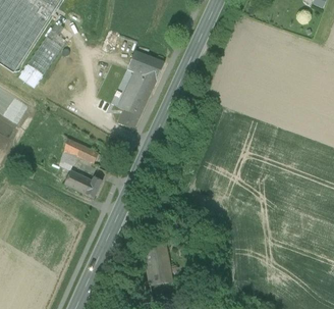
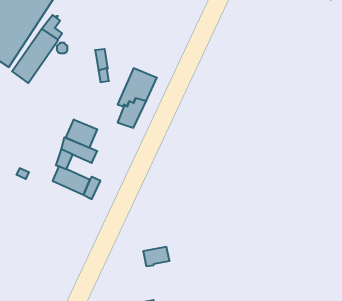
building: [125,51,163,82] -> none
building: none -> [66,119,97,148]
building: [145,257,171,286] -> none

